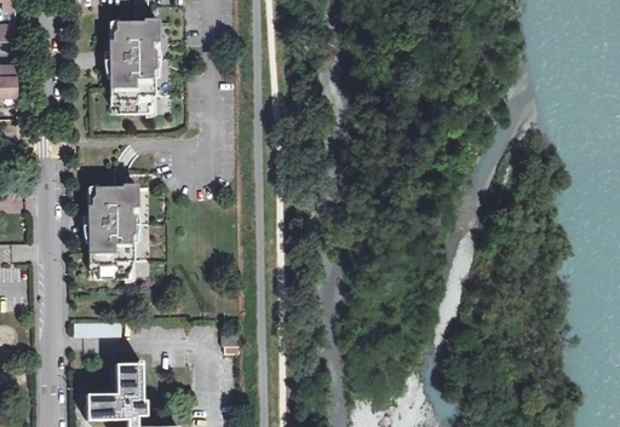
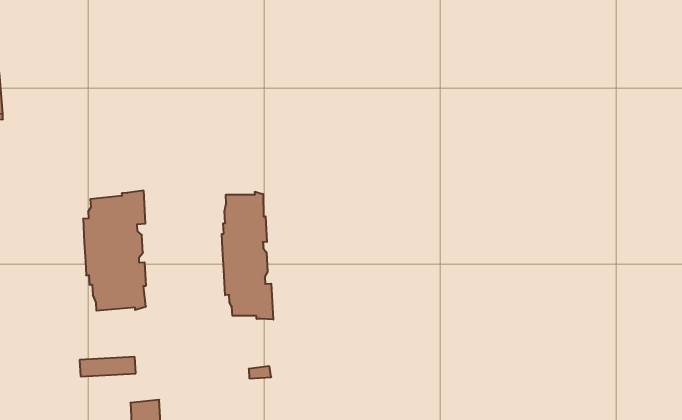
building: [109,19,159,114] -> none
building: none -> [222,192,273,320]

